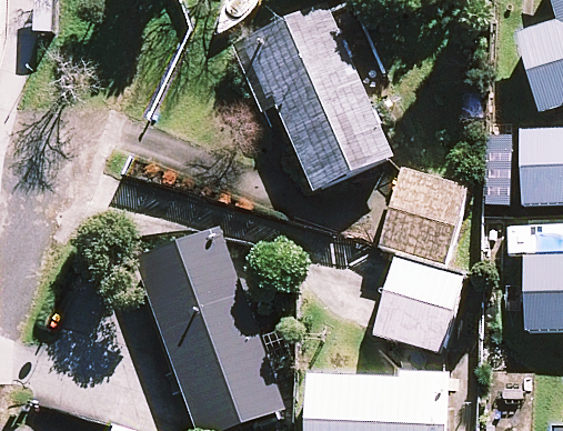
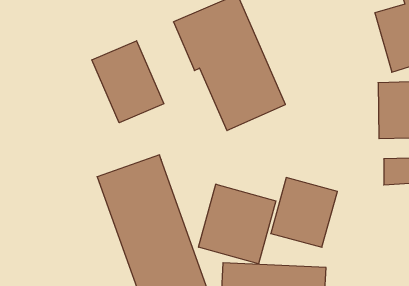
building: none -> [92,41,164,123]
building: [379,167,468,261] -> none
building: none -> [199,184,276,264]

